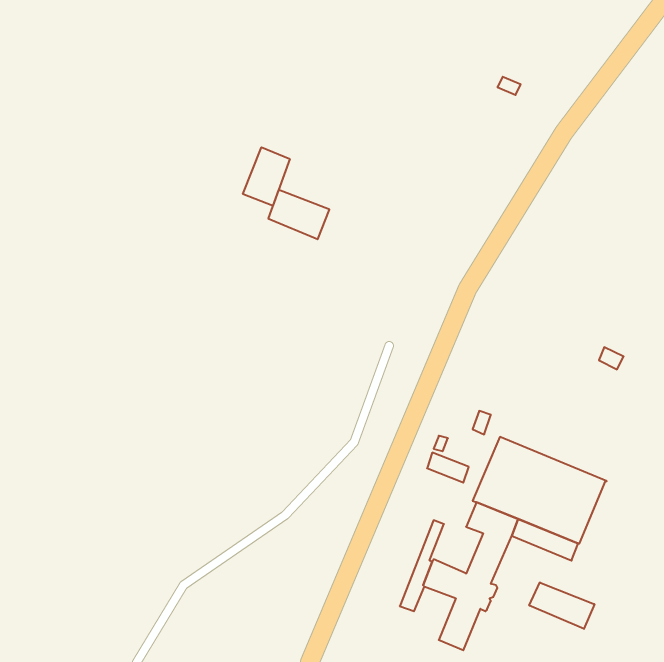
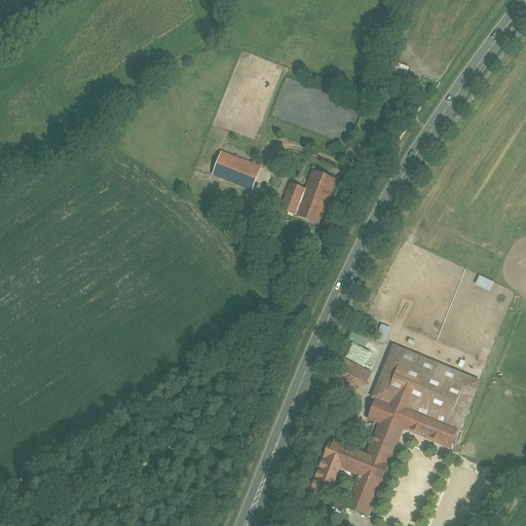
building: [243,147,290,206] -> none
building: none -> [279,168,335,223]
building: [529,582,594,629] -> none

